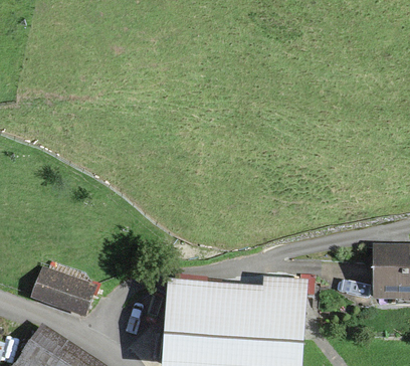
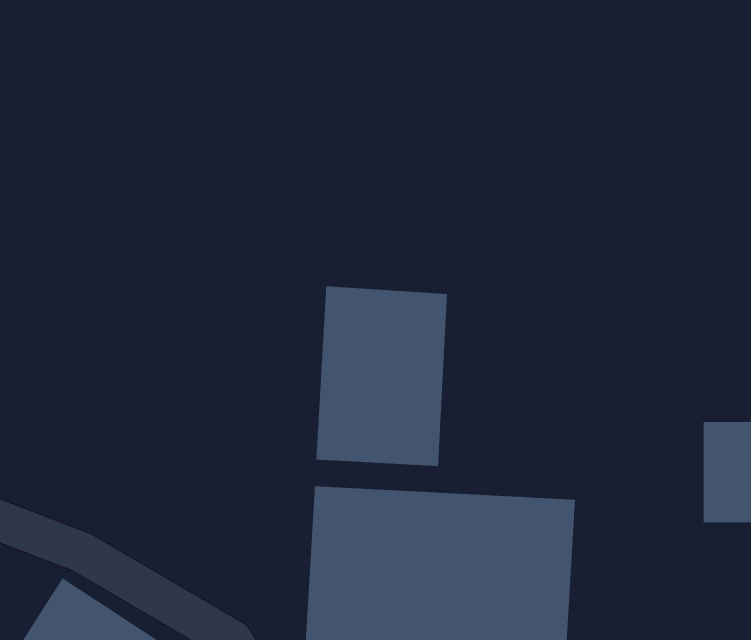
building: none -> [316,285,448,467]
building: [34,263,91,309] -> none

